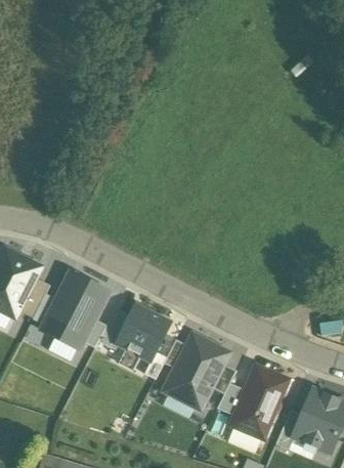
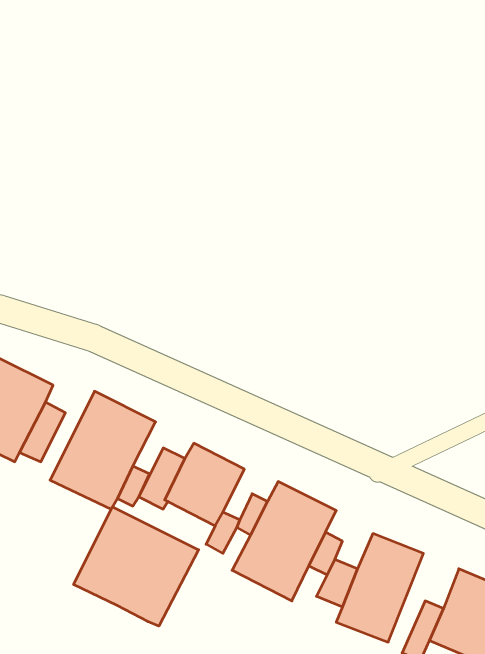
building: none -> [74,507,199,626]

